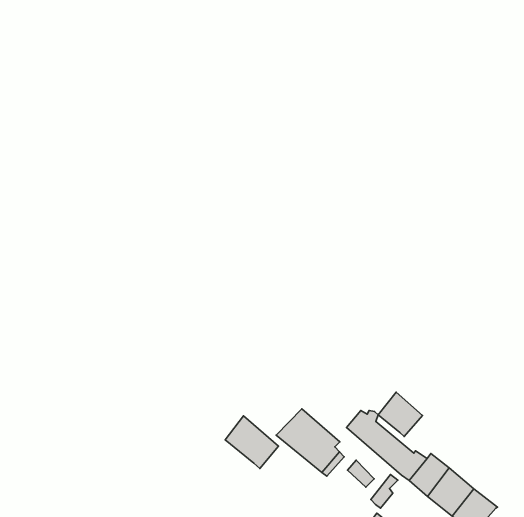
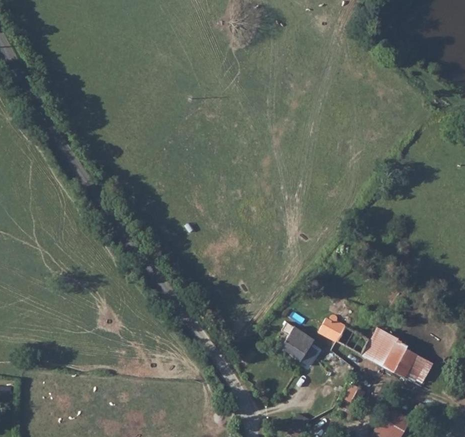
building: [378,392,423,437] -> none
building: [225,416,279,468] -> none

